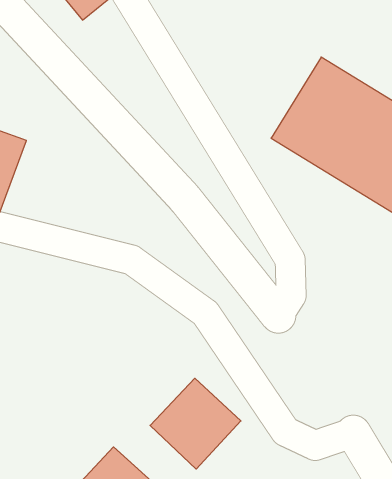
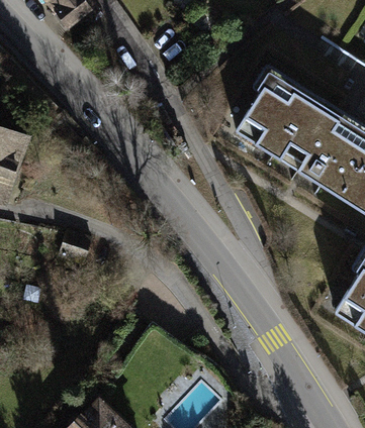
building: [150,378,241,469] -> none

